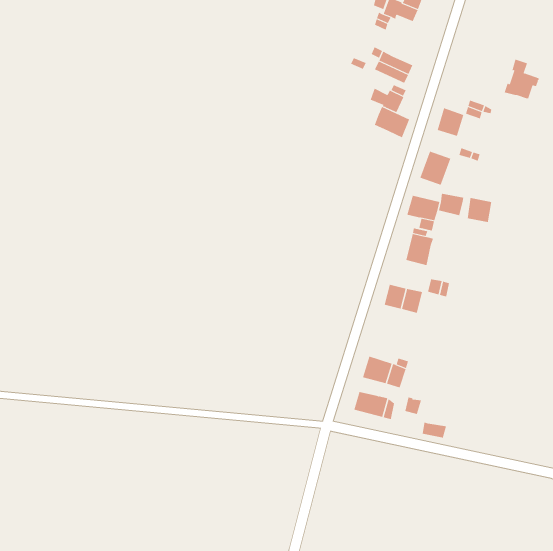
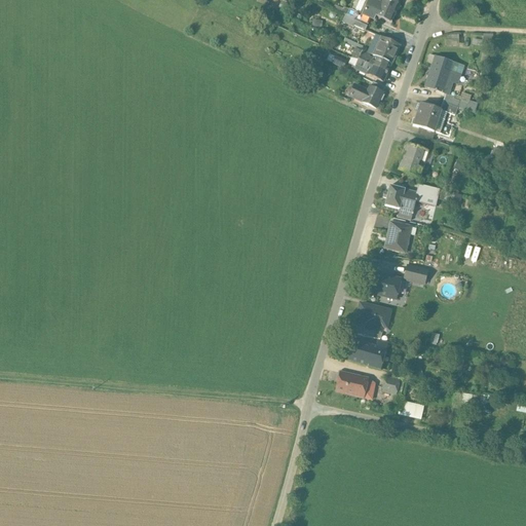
building: none -> [374,35,401,62]
building: [504,59,540,99] -> [425,54,459,92]
building: [374,106,410,138] -> none
building: [467,197,492,223] -> none
building: none -> [354,299,392,337]

